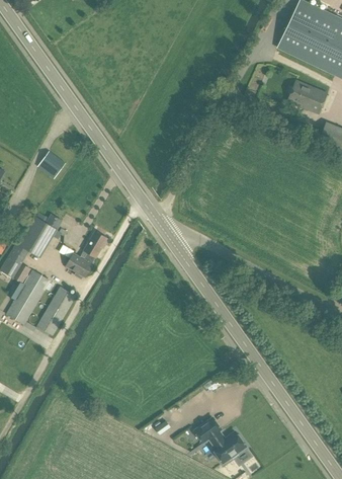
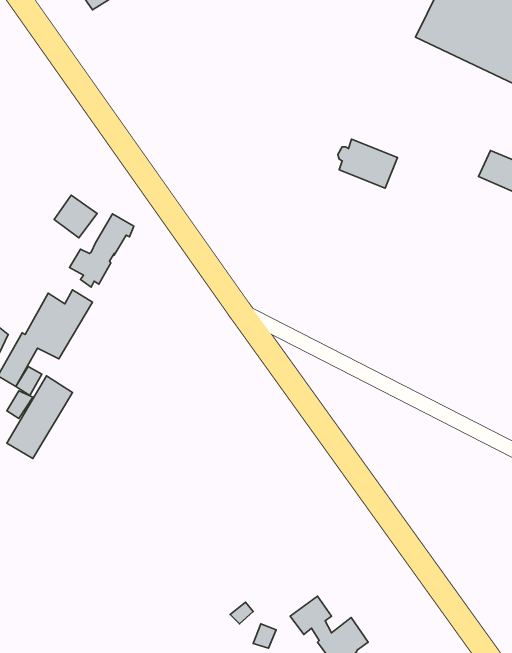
building: [286,81,326,113] -> [338,139,397,188]
building: [66,231,108,280] -> [70,214,134,287]
building: [37,288,76,335] -> none

